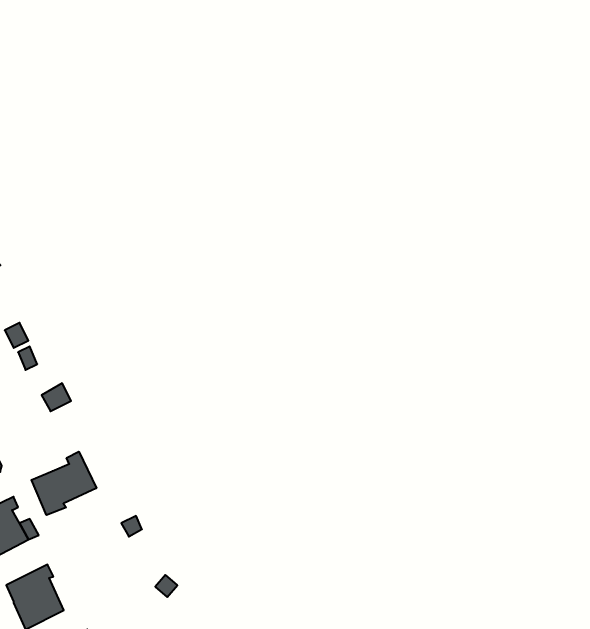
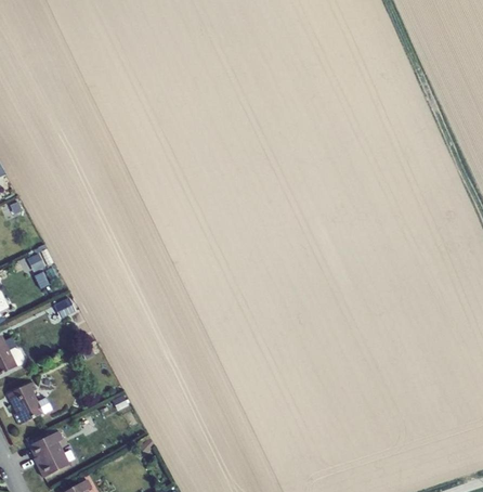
building: [31,452,96,515] -> none

